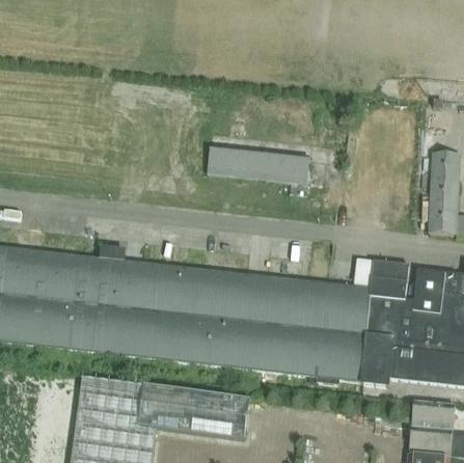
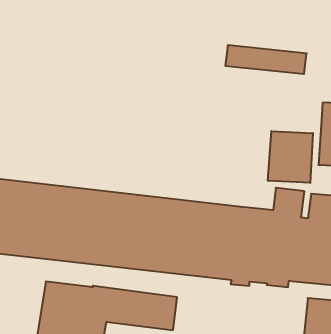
building: [207,147,309,184] -> [225,45,307,74]
building: none -> [268,131,313,183]

